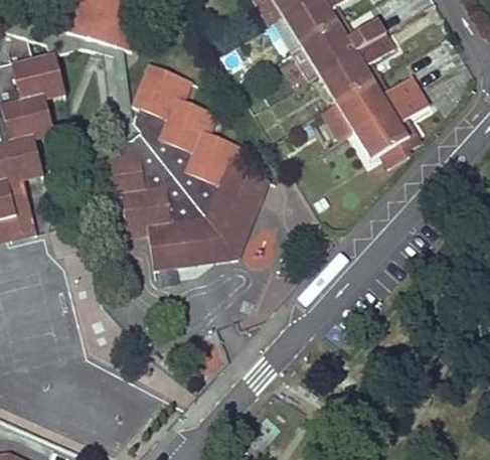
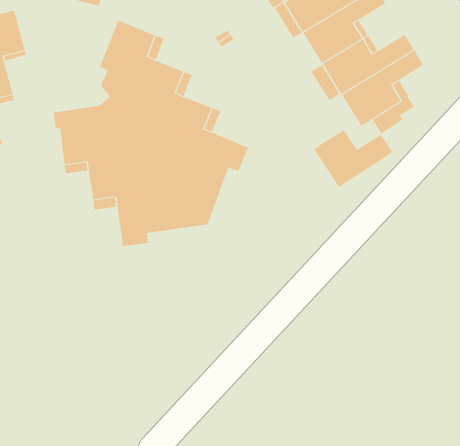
building: none -> [314,129,393,188]
building: [176,198,260,267] -> none

